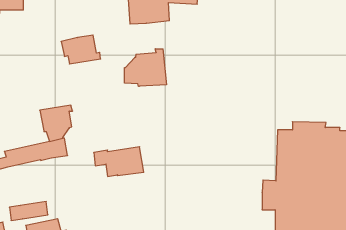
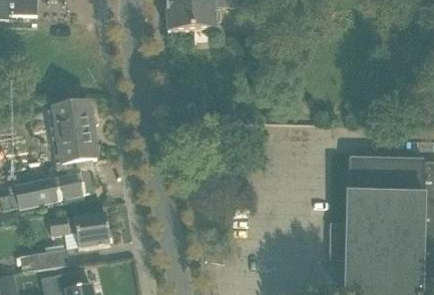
building: [61,35,101,64] -> [47,102,95,137]
building: [125,49,166,86] -> none
building: [94,147,144,176] -> [48,213,109,249]

